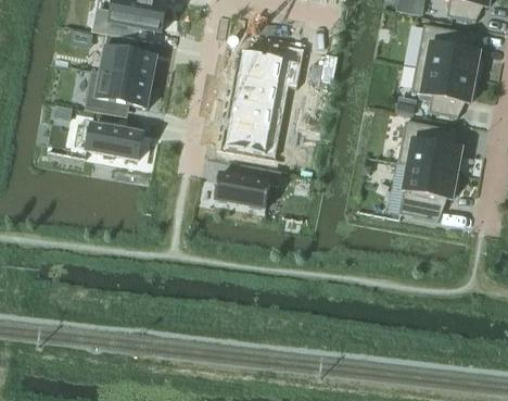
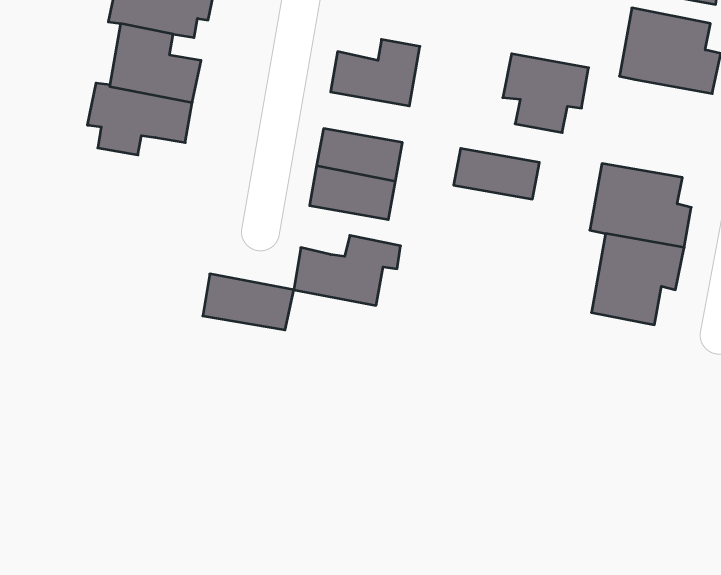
building: [421,67,474,116] -> [503,54,589,133]
building: [233,75,287,106] -> [454,148,539,199]
building: [87,123,143,158] -> [203,274,294,330]

